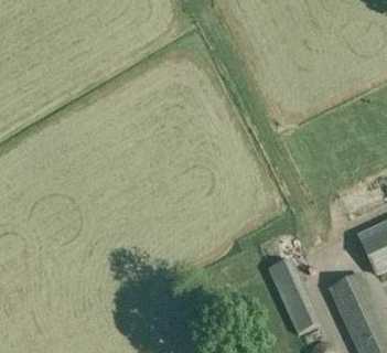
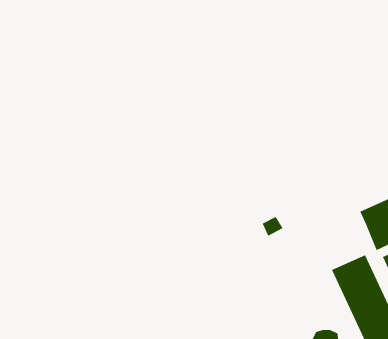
building: [269,260,316,335] -> none

